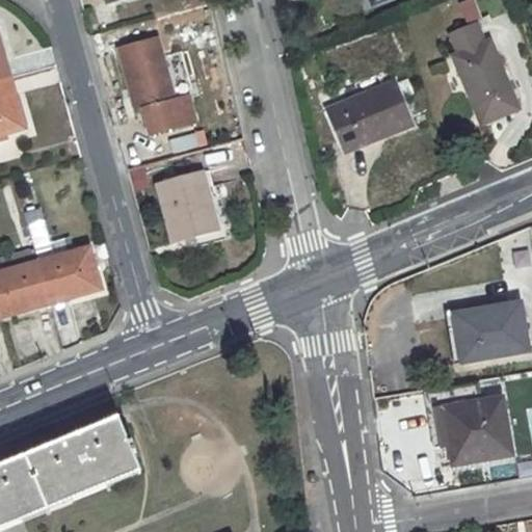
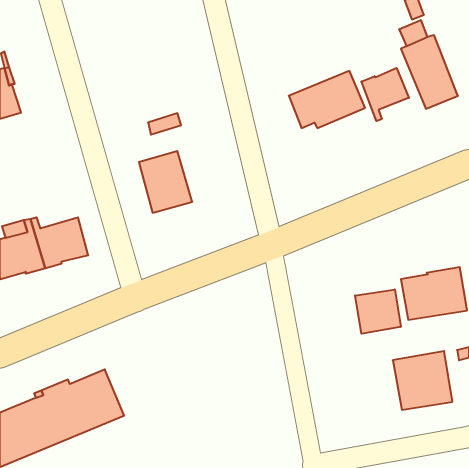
building: [121,37,195,132] -> none
building: none -> [361,68,409,121]
building: none -> [355,289,401,334]

